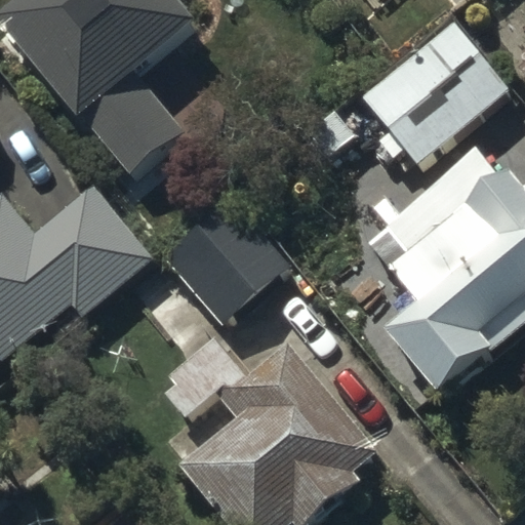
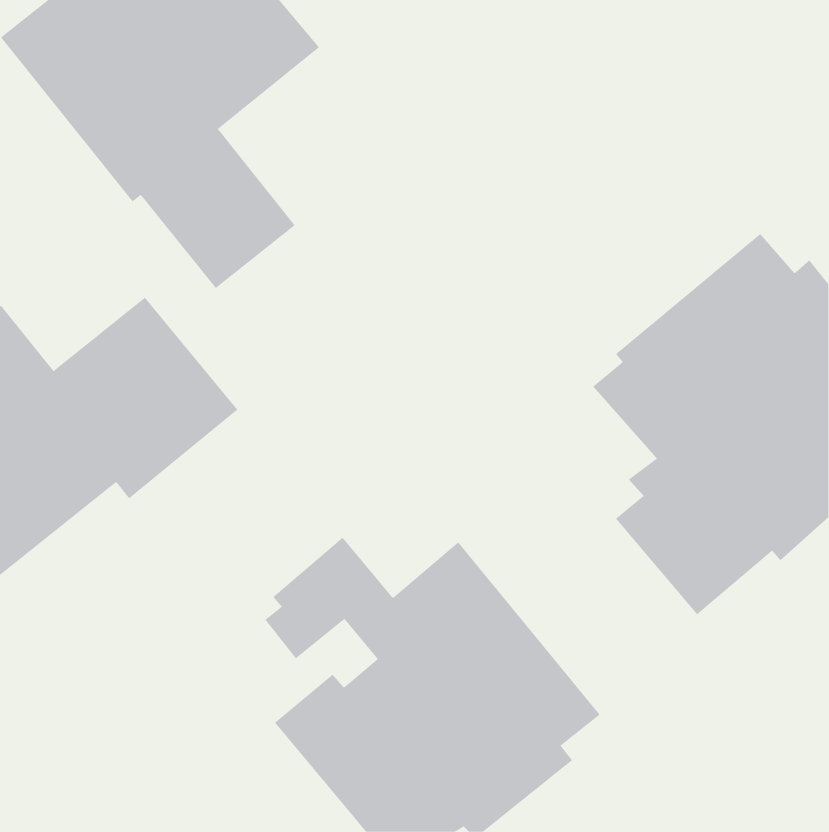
building: [366,29,510,171] -> none
building: [168,202,291,323] -> none

